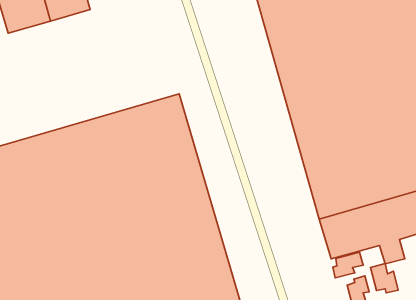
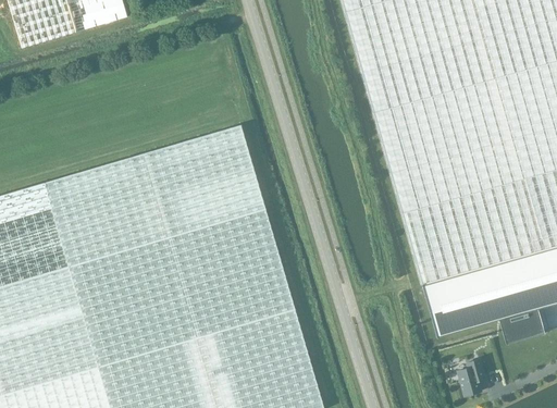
building: [333,252,363,278] -> none
building: [371,264,398,293] -> none

